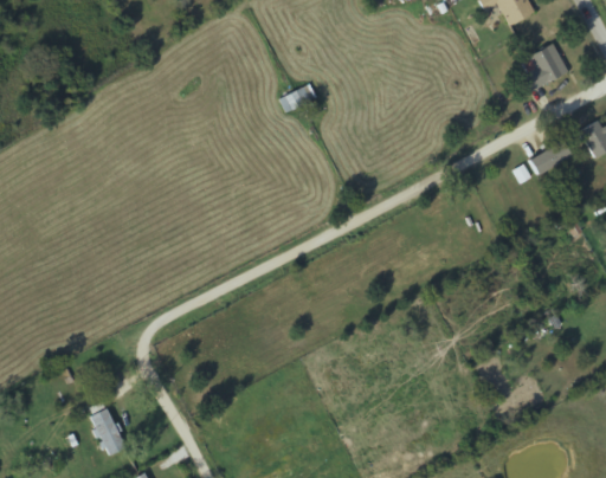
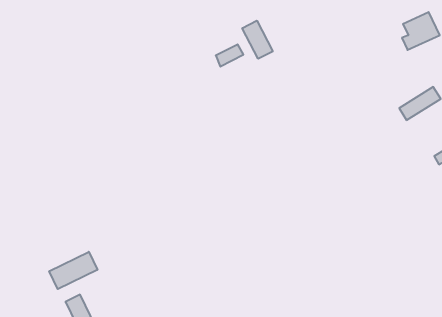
building: none -> [242,21,273,59]
building: none -> [49,252,97,289]

